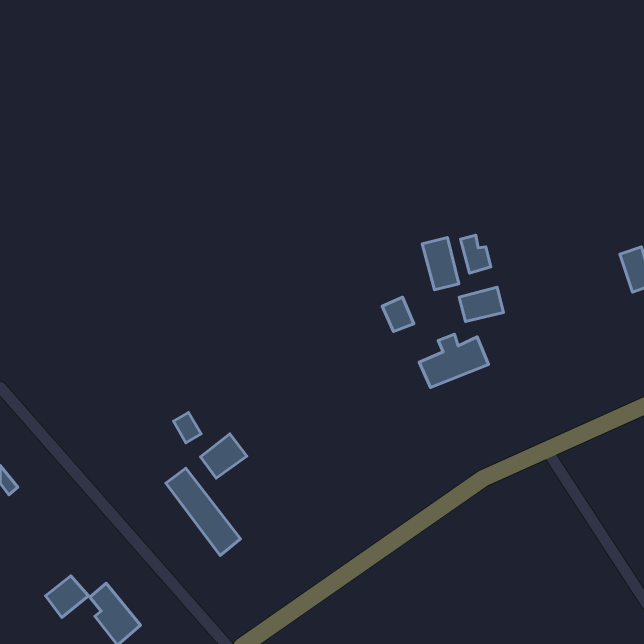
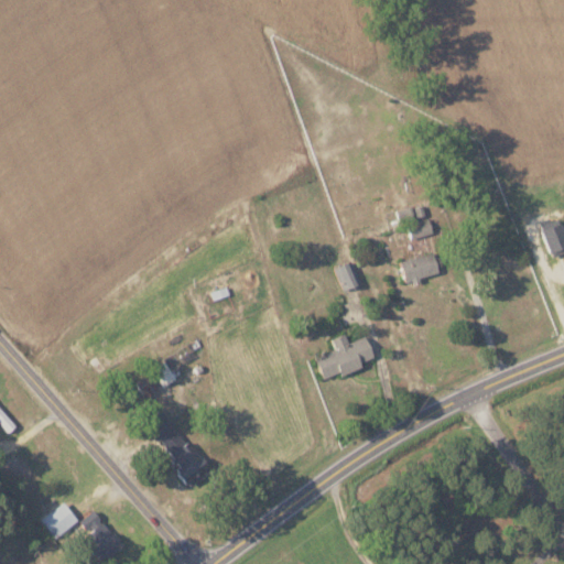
building: [422,237,459,290] -> none
building: [419,334,489,387] -> [316,334,377,380]
building: [200,434,247,478] -> none

